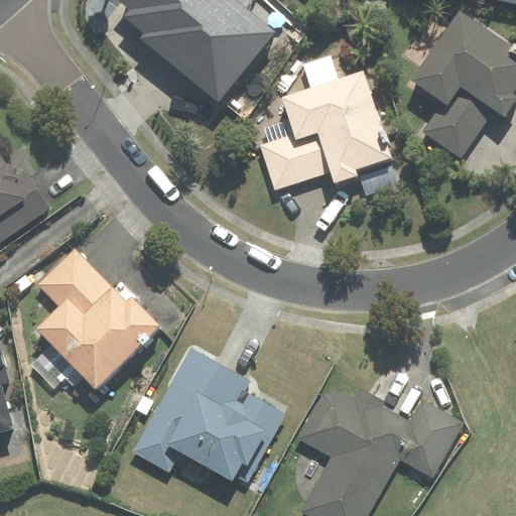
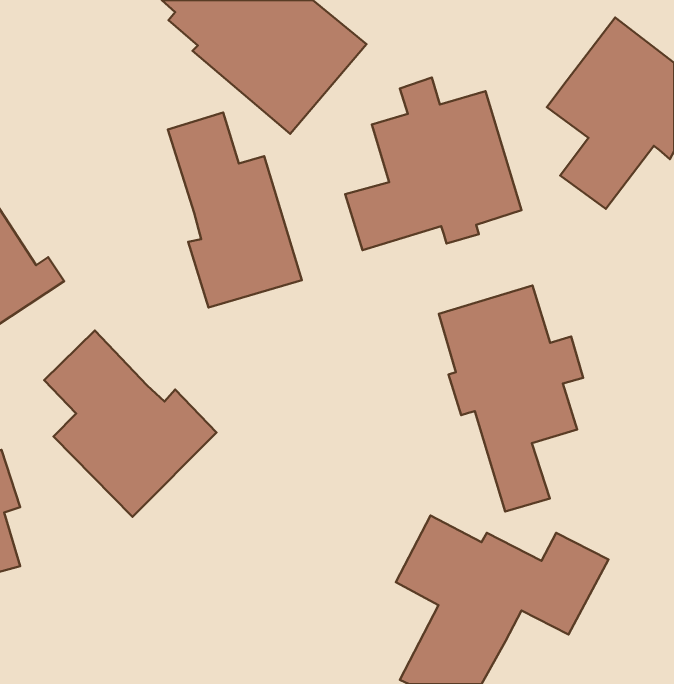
building: none -> [168,112,302,307]
building: none -> [439,285,583,512]
building: [132,346,281,480] -> none

